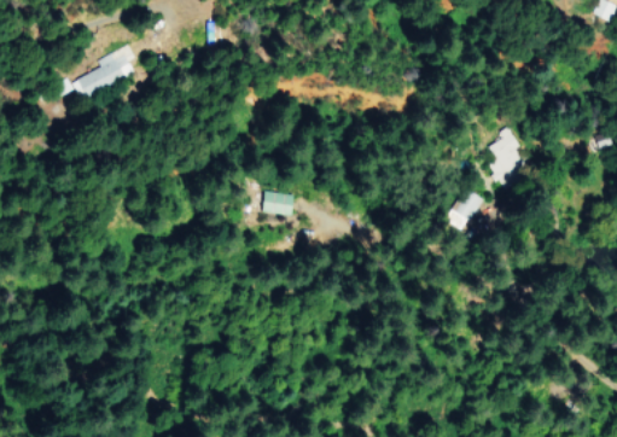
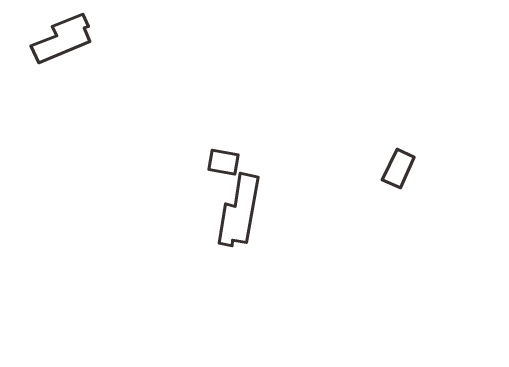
building: [487,132,523,182] -> none
building: none -> [219,173,258,246]

